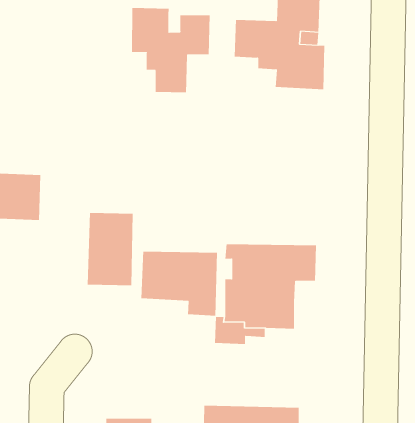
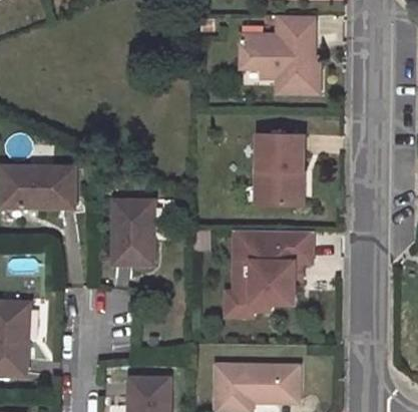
building: [131,7,210,93] -> none
building: none -> [257,133,303,203]
building: [141,251,217,316] -> none

